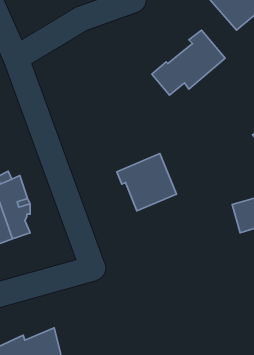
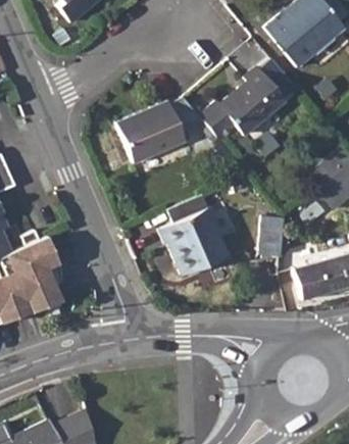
building: none -> [116,101,186,163]
building: none -> [259,214,283,254]

